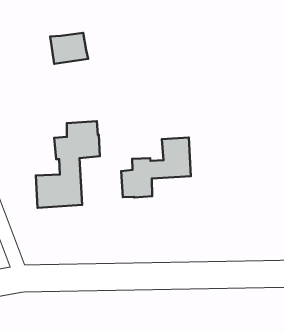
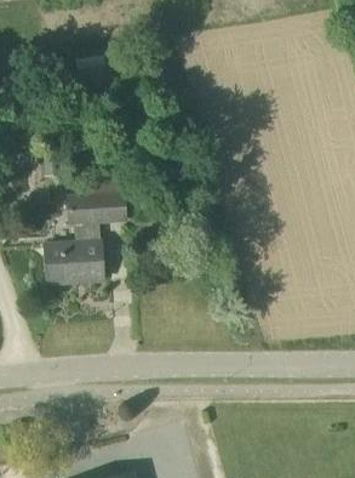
building: [121,137,191,198] -> none

